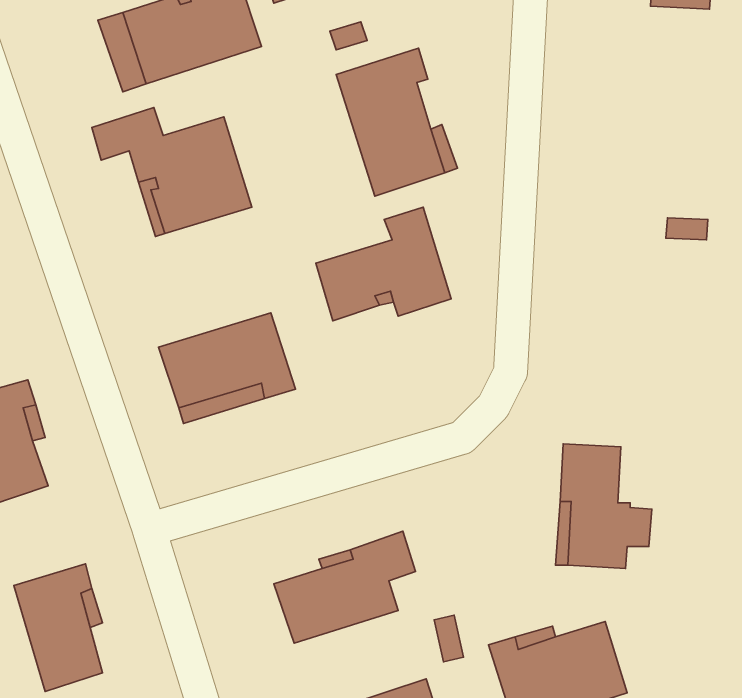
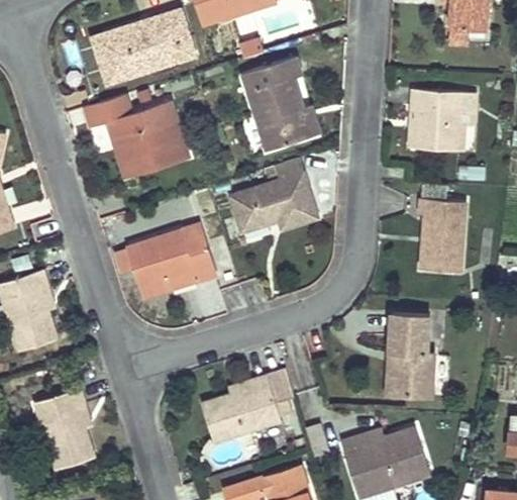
building: none -> [410,91,473,151]
building: none -> [418,198,462,270]

